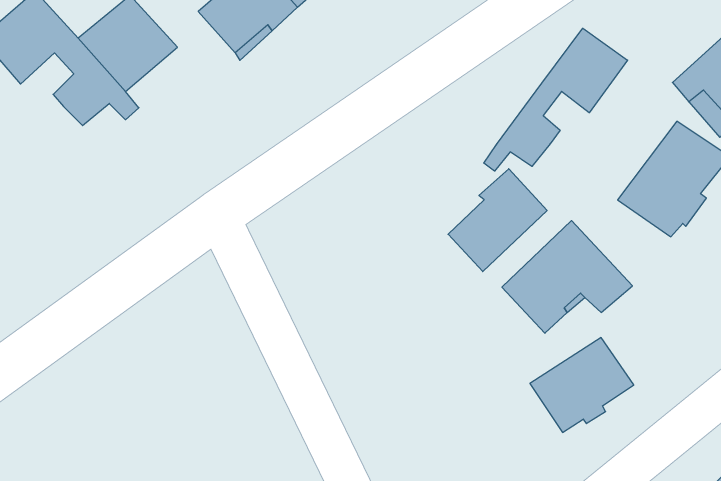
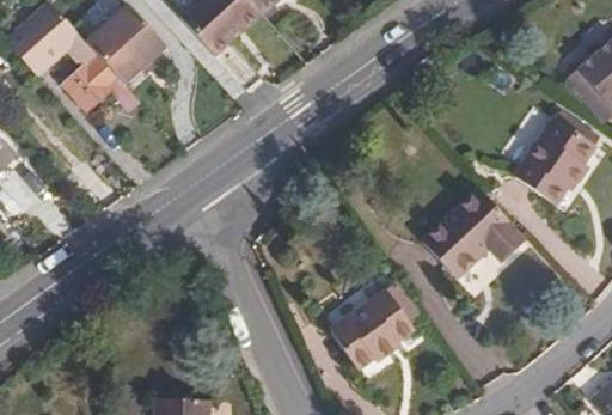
building: [484,28,628,171] -> none
building: [448,169,547,272] -> none
building: [530,338,634,432] -> [331,287,415,364]

